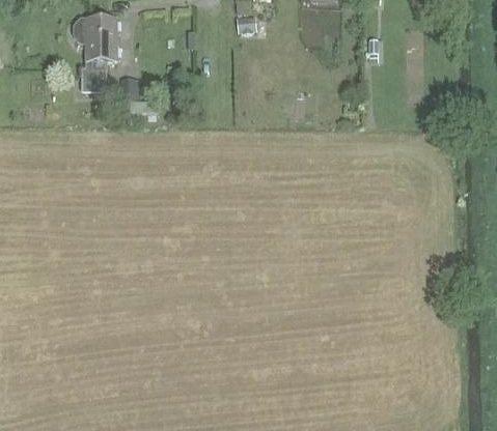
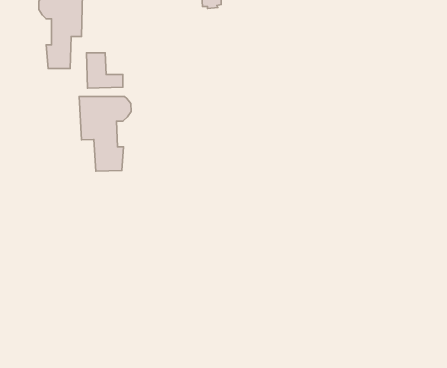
building: none -> [79,96,131,171]

